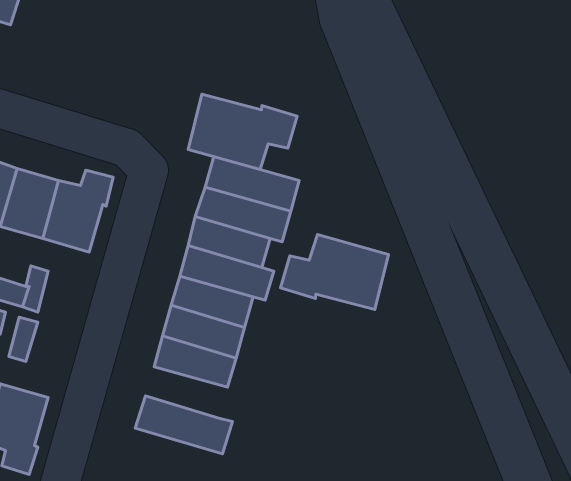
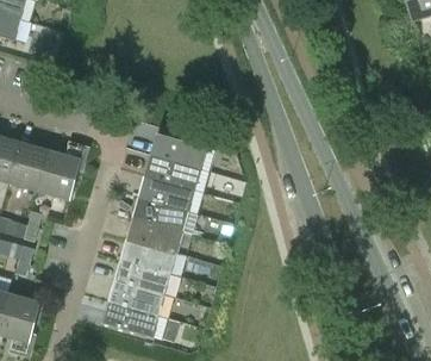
building: [188,94,297,169] -> none
building: [280,234,389,309] -> none
building: none -> [110,280,167,316]

